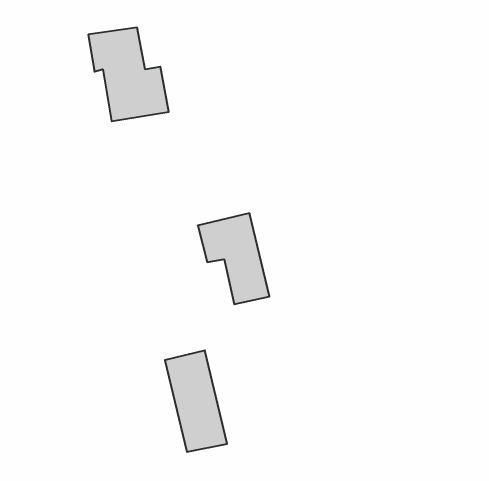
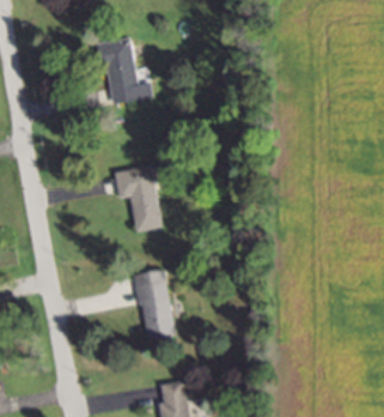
building: [198,213,269,304] -> [112,165,159,229]

